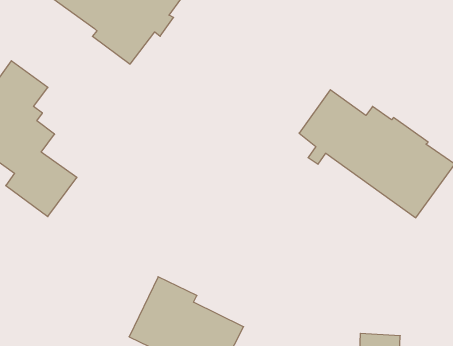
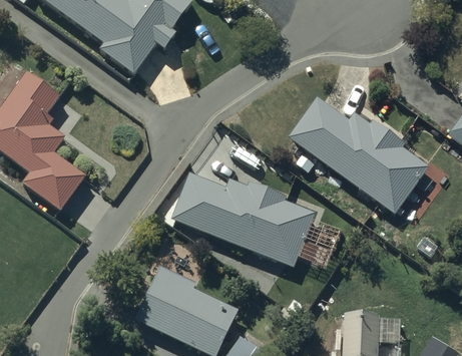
building: none -> [171,170,316,267]

